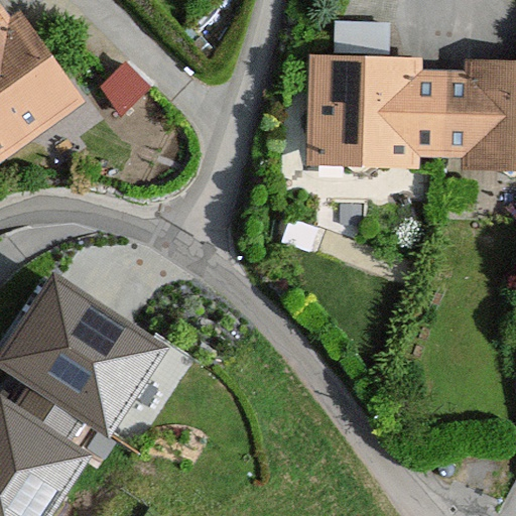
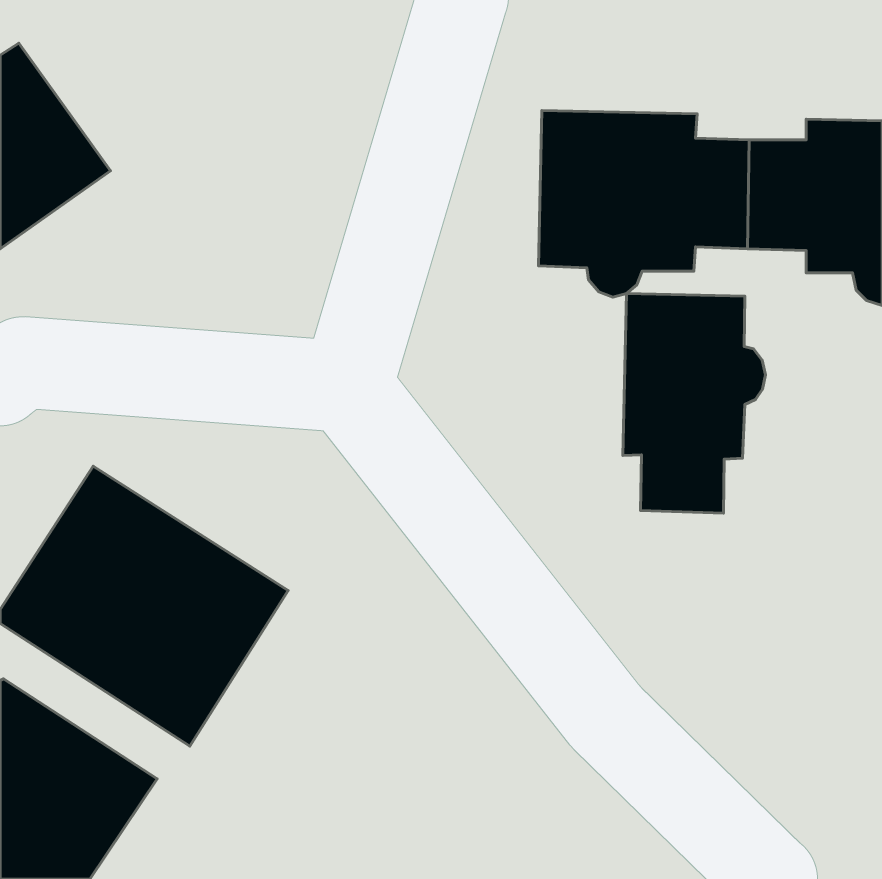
building: none -> [623,294,766,513]

